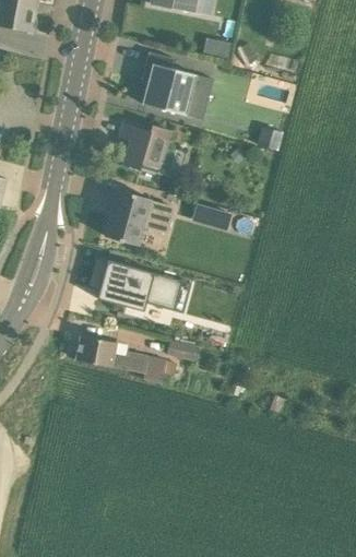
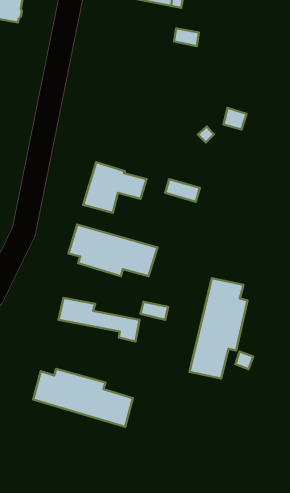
building: [141,52,213,119] -> none
building: [119,123,170,170] -> none
building: none -> [189,278,247,379]
building: none -> [33,369,133,427]

